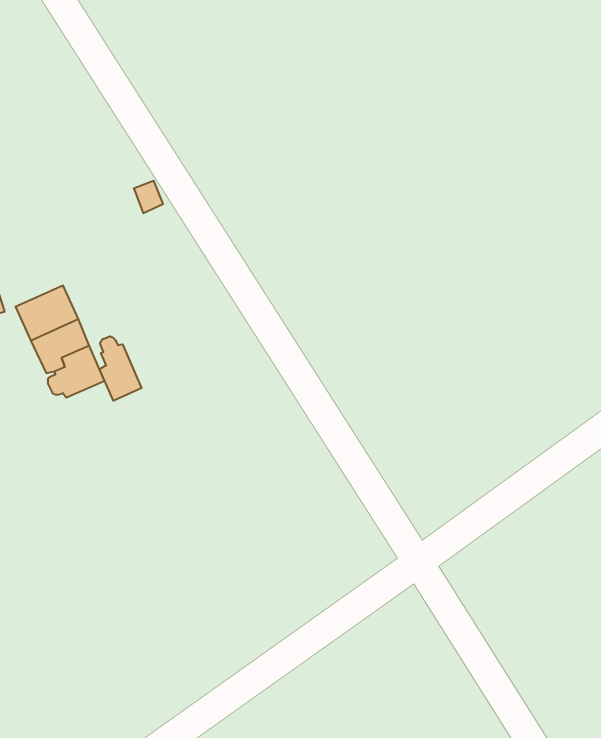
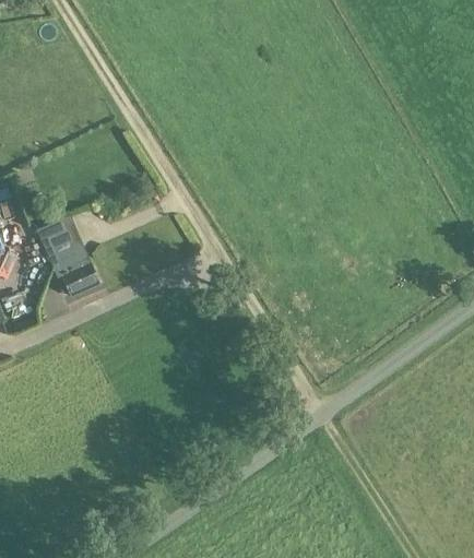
building: [100,336,142,401] -> none

